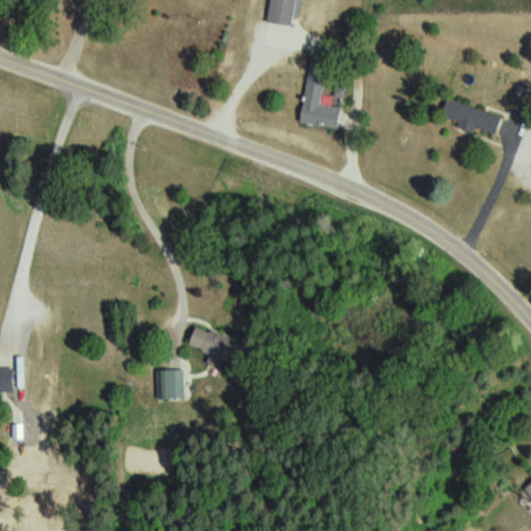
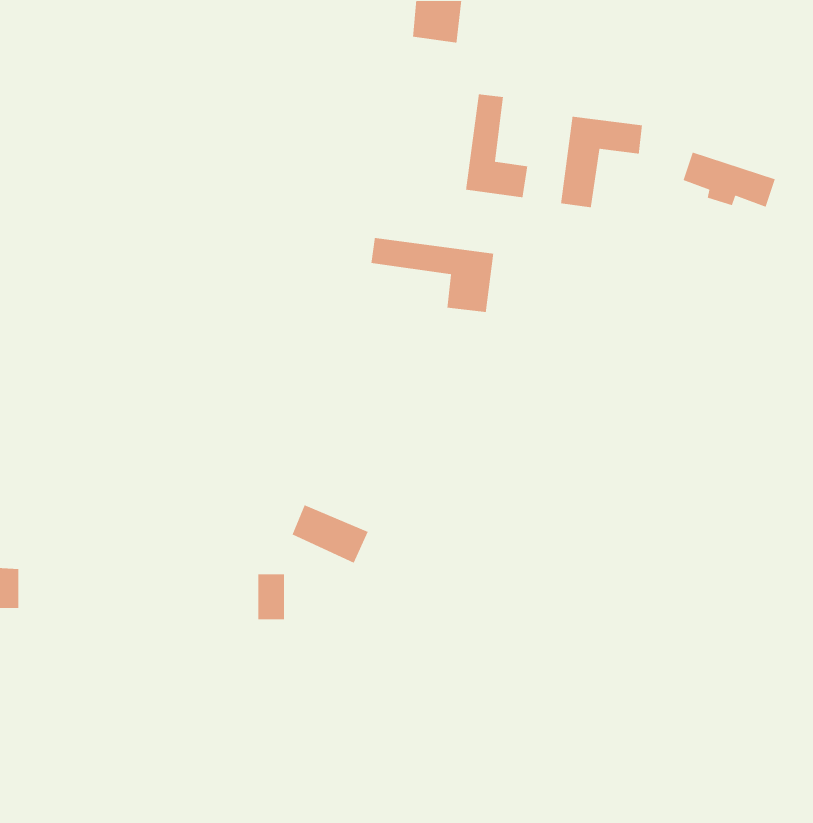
building: none -> [560,116,643,208]
building: none -> [371,237,494,313]

